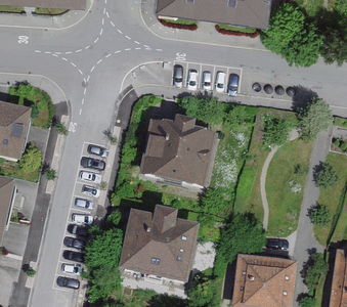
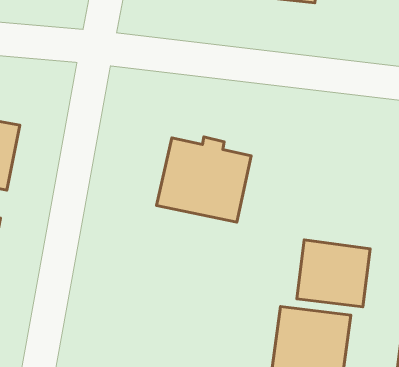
building: none -> [297,240,370,307]
building: [121,216,197,284] -> none

